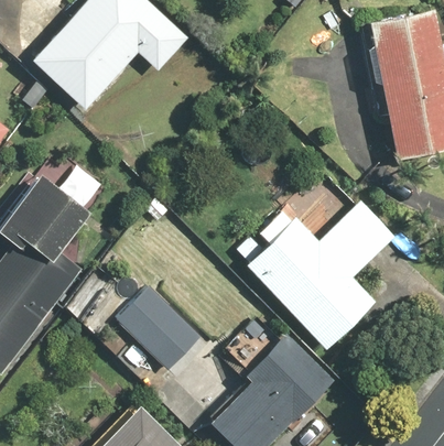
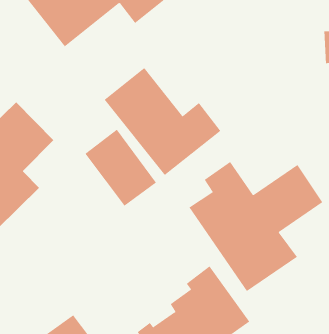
building: none -> [104,67,221,176]
building: [116,284,201,369] -> [84,129,157,207]

